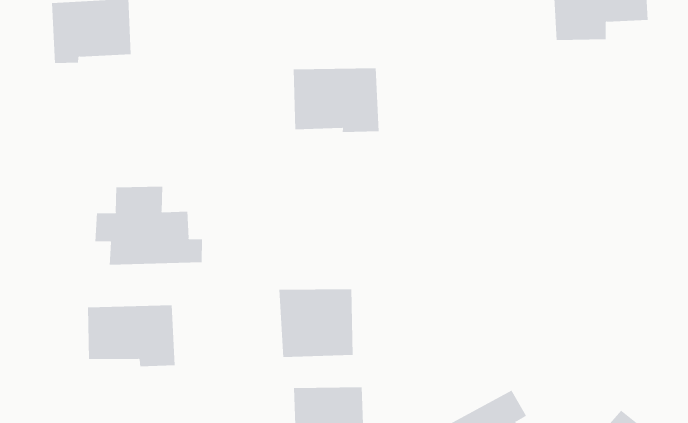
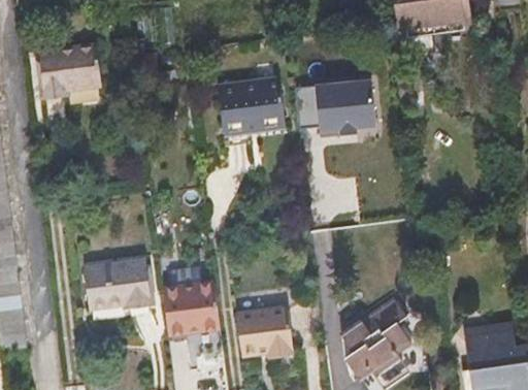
building: none -> [297,78,373,132]
building: [95,186,202,265] -> none
building: [279,289,353,358] -> [161,284,219,337]

